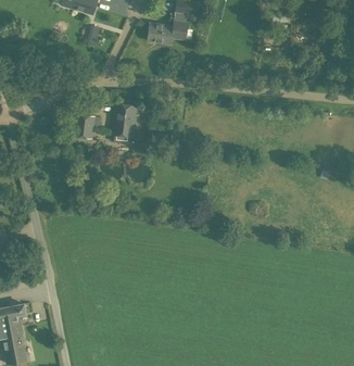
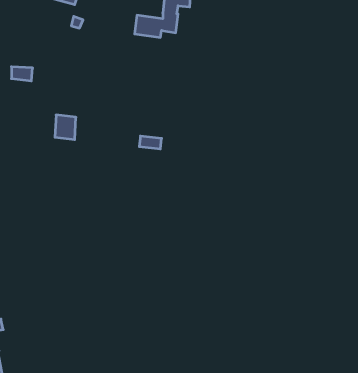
building: [111,103,135,136] -> none

